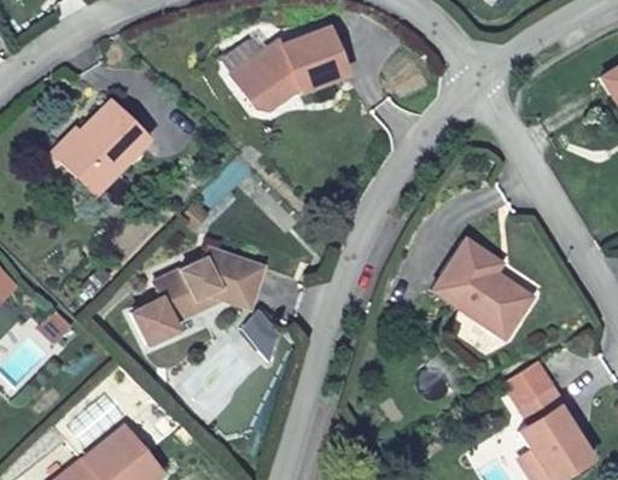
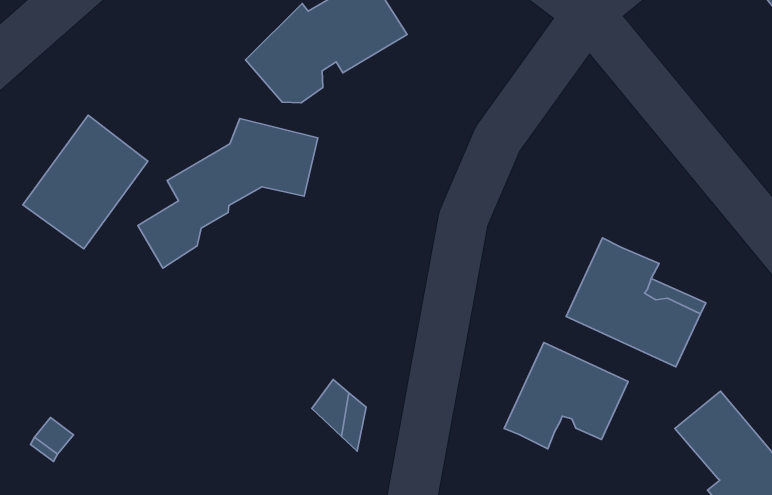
building: [132,246,268,344] -> [138,118,318,268]
building: none -> [504,343,628,449]

